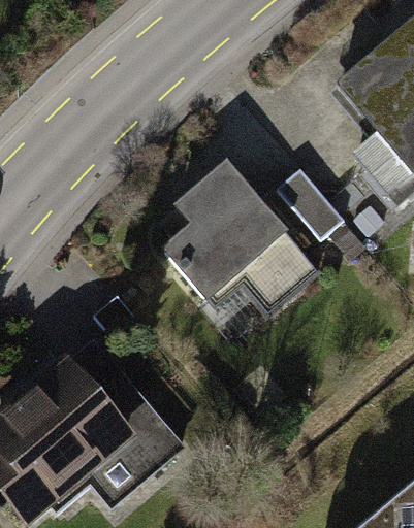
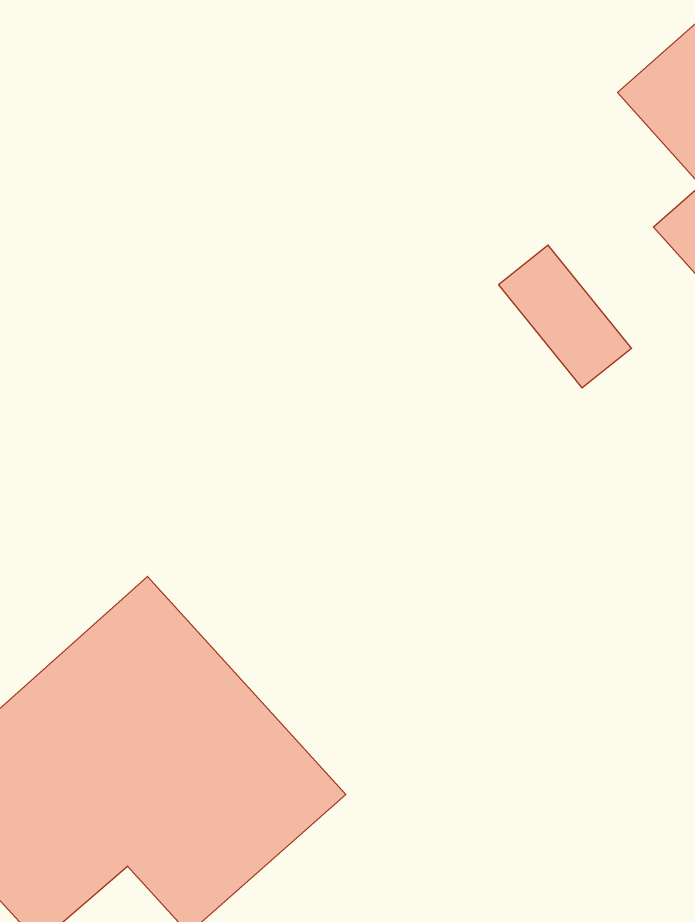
building: [161,166,315,310] -> none

